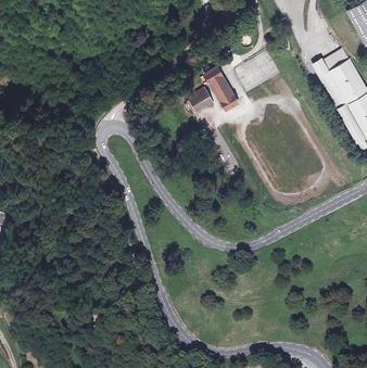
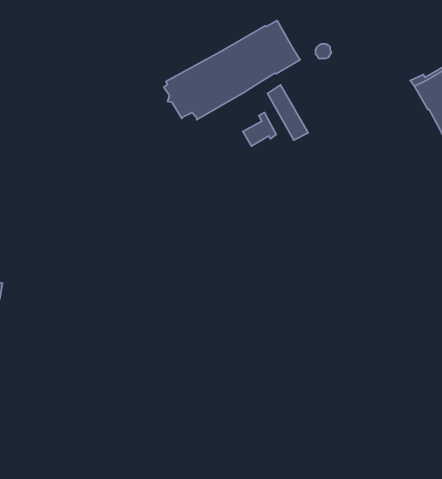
building: none -> [164,21,300,120]

